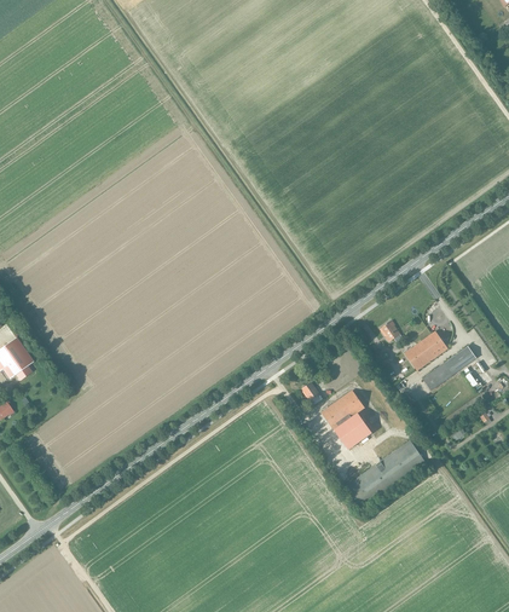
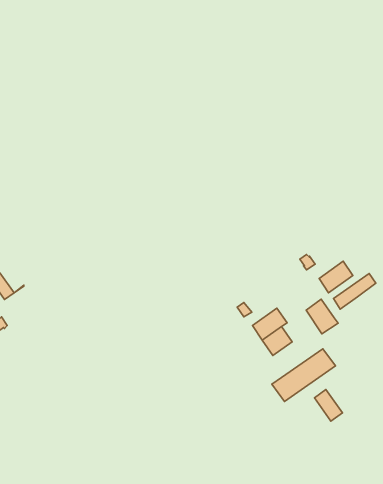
building: none -> [306,299,338,334]
building: none -> [314,389,342,421]

